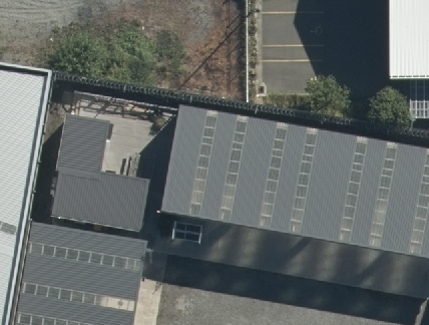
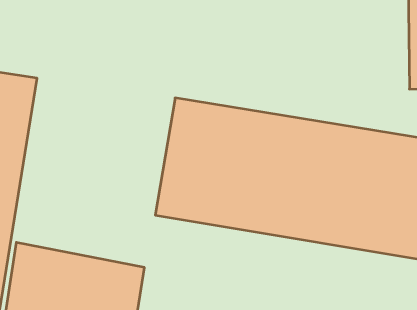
building: [51,132,150,248] -> none

